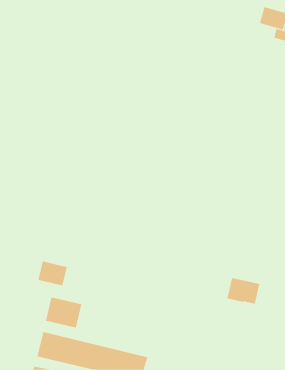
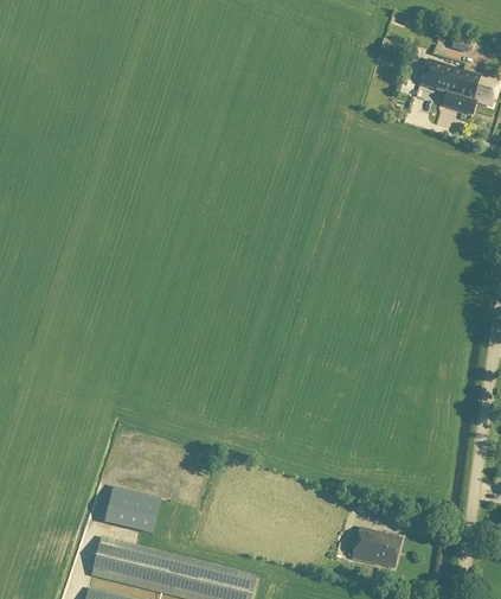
building: [38,261,67,286] -> none
building: [227,278,260,304] -> [351,528,400,567]

